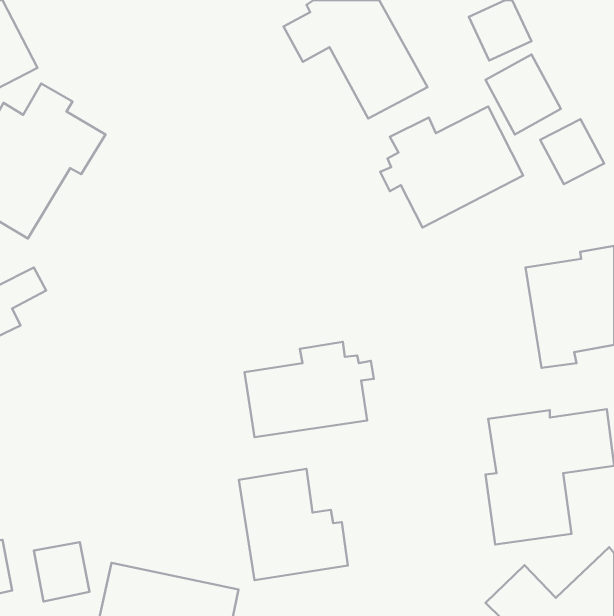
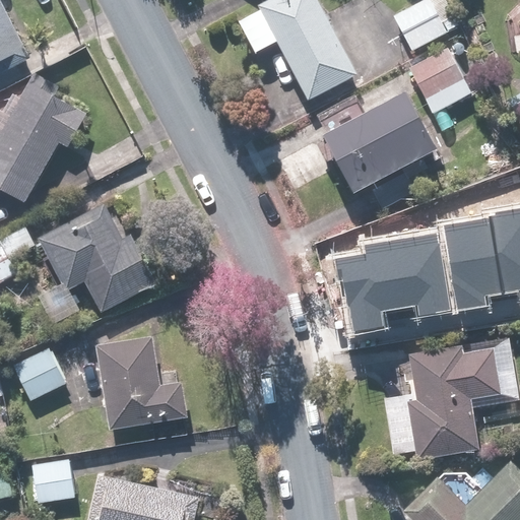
building: [540,119,604,184] -> none
building: none -> [38,202,158,325]
building: none -> [336,236,448,331]
building: [244,342,374,437] -> none
building: none -> [10,348,66,403]
building: [239,469,348,580] -> [96,337,188,431]

